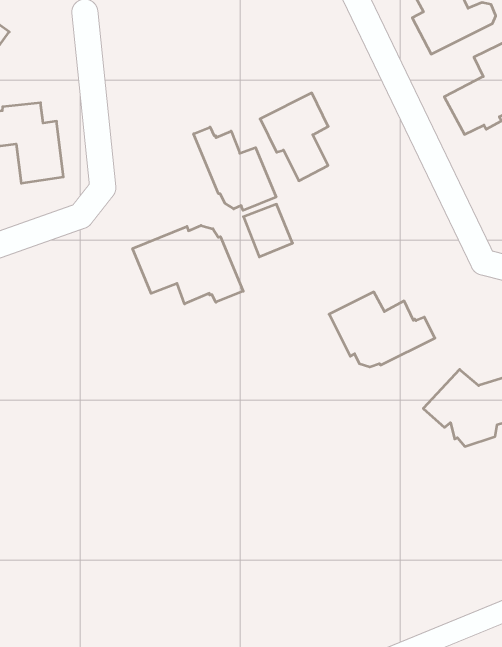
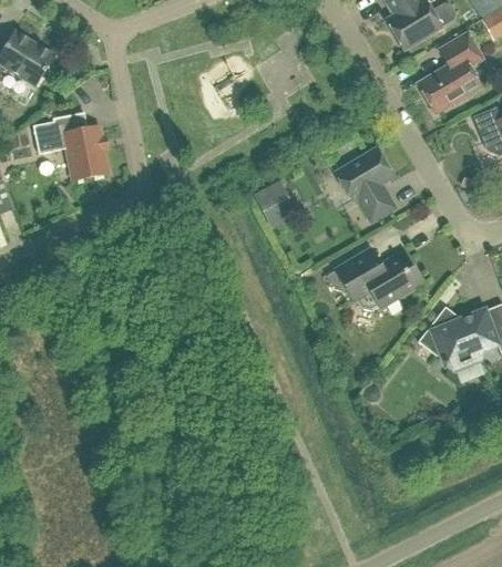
building: [260,93,328,181] -> [336,148,395,221]
building: [194,127,276,210] -> none
building: [133,225,243,304] -> none

